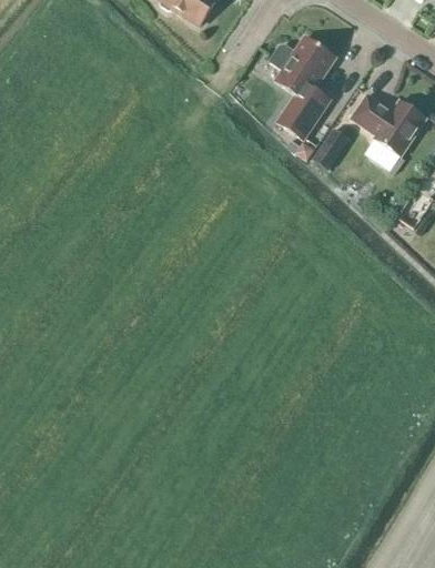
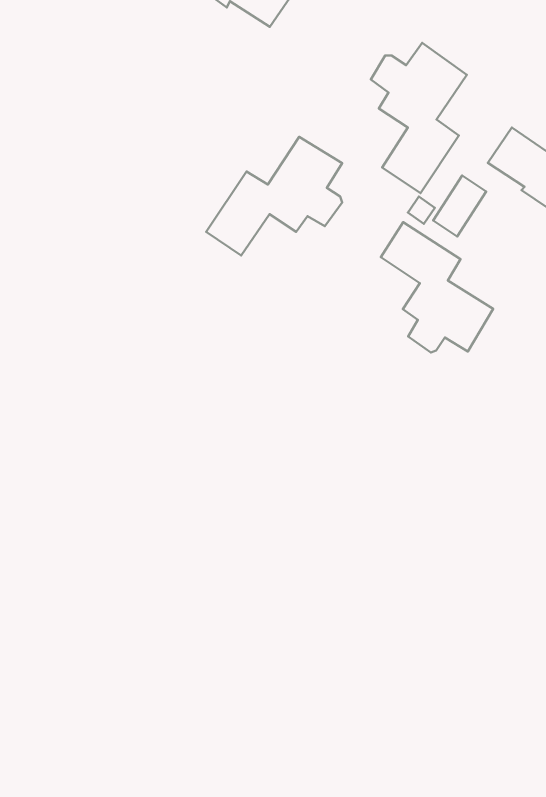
building: none -> [206,137,342,255]
building: none -> [381,222,493,353]

